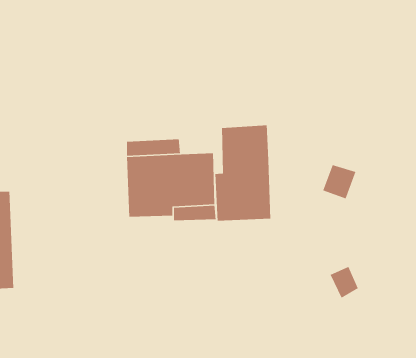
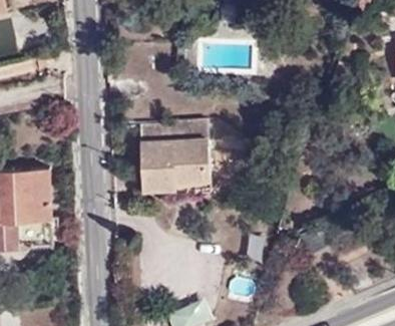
building: [214,124,271,221] -> none

